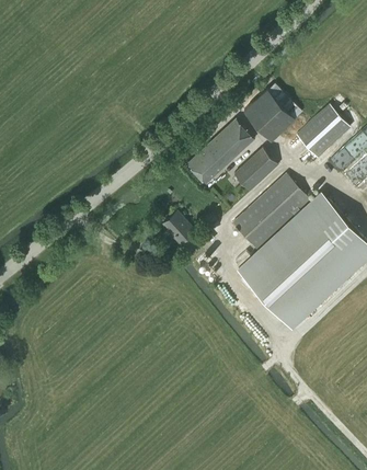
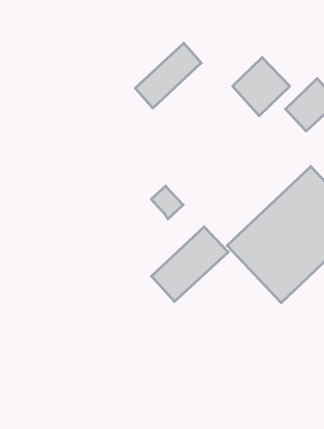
building: [187,121,253,185] -> [135,43,201,108]
building: [233,149,277,192] -> none
building: [233,175,310,250] -> [151,227,228,302]

